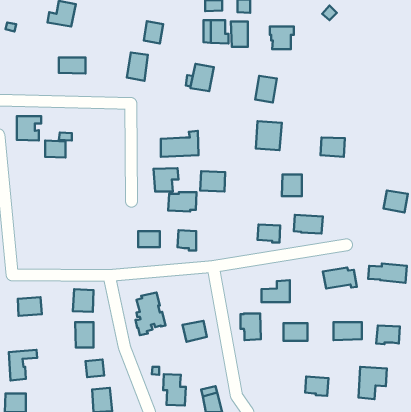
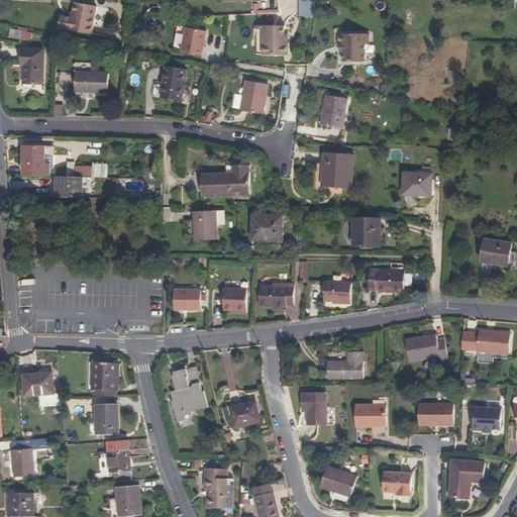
building: [231,22,248,47] -> none
building: none -> [20,47,42,83]
building: [168,192,197,211] -> [257,283,293,307]
building: none -> [319,466,356,496]

